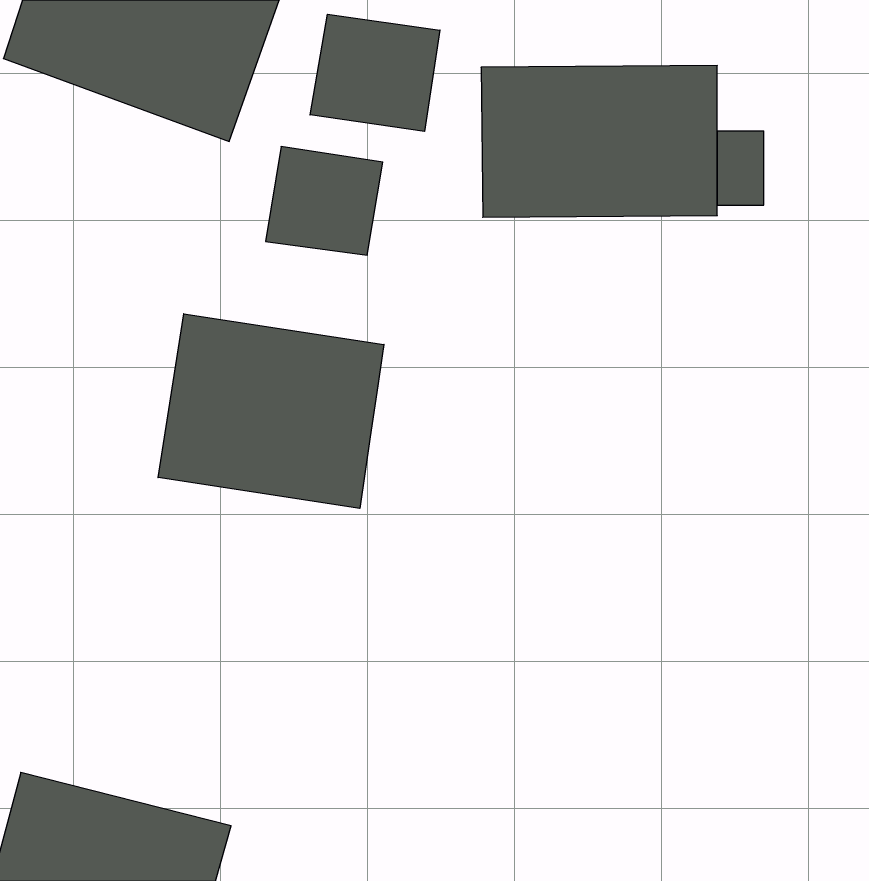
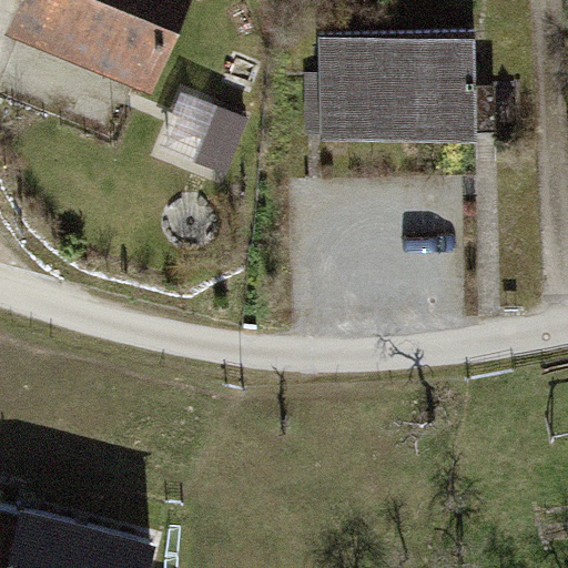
building: [310,14,440,131] -> none
building: [158,314,384,508] -> none

